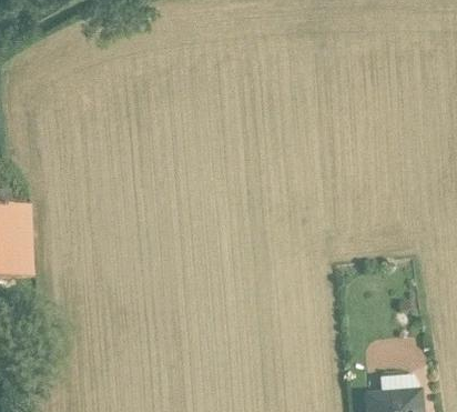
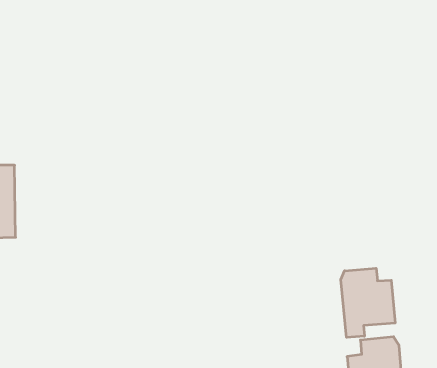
building: none -> [341,268,395,337]

